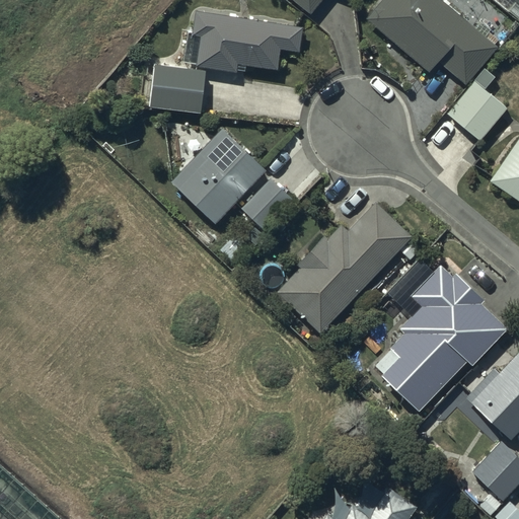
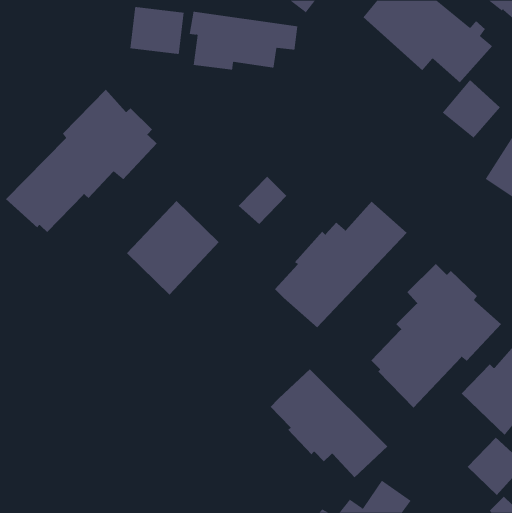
building: [149,64,205,113] -> [129,6,185,55]
building: none -> [5,89,158,233]
building: [171,128,266,224] -> [126,200,220,295]
building: none -> [270,368,388,478]

